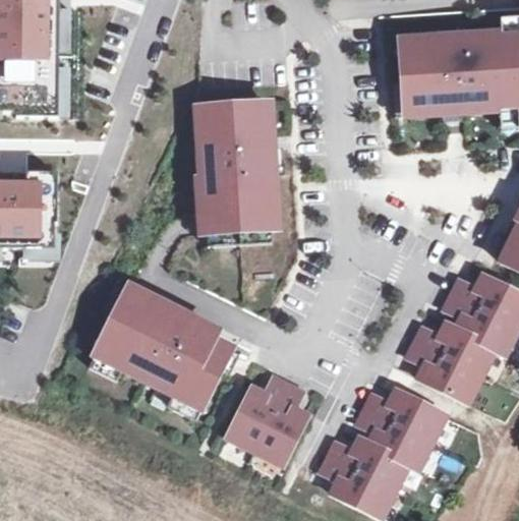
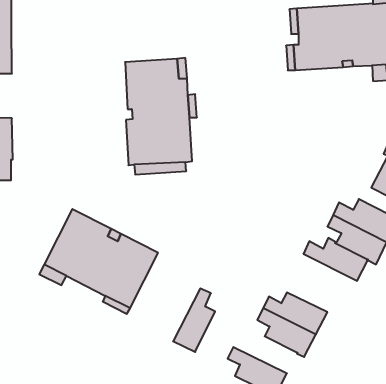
building: [407,340,480,401] -> none
building: [225,374,287,448] -> none
building: [328,436,407,487] -> none

